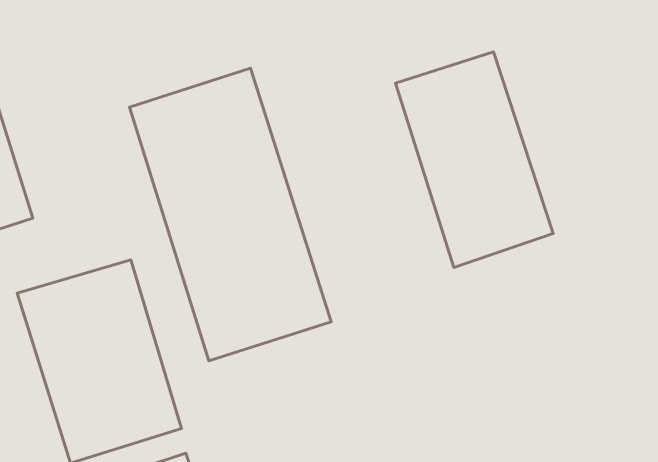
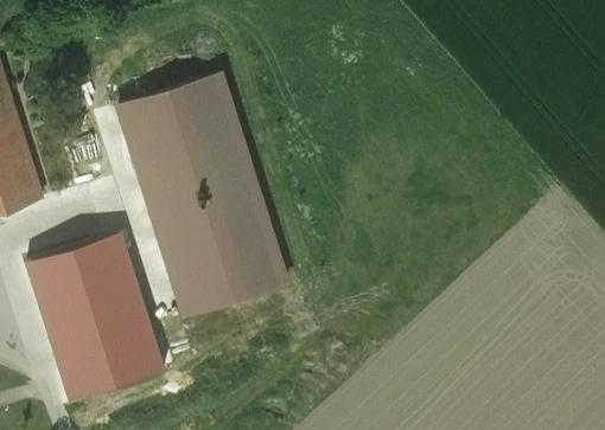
building: [395,52,553,267] -> none

